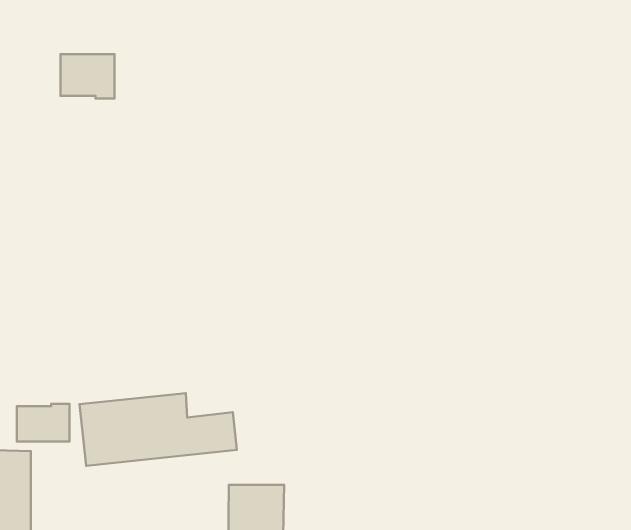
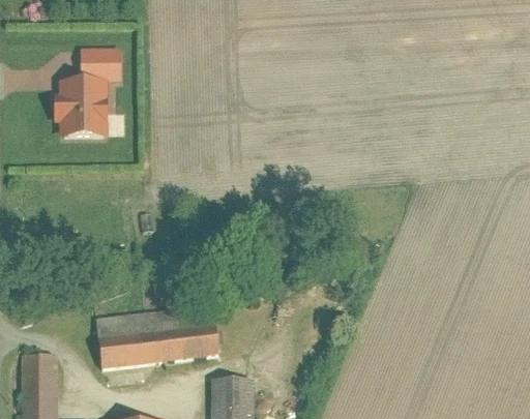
building: none -> [58,82,109,140]
building: [17,404,69,442] -> none

